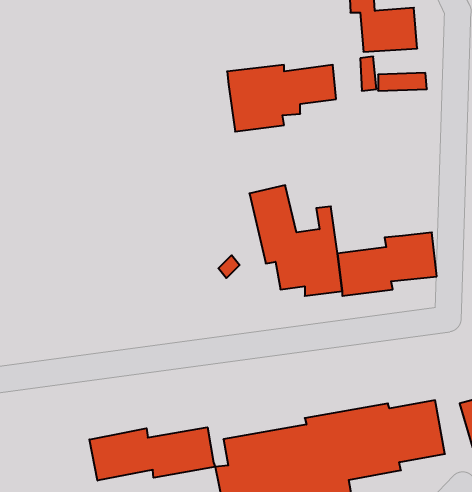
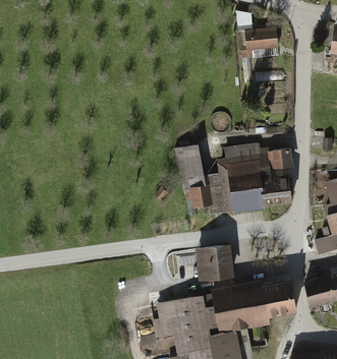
building: [227,65,336,132] -> [225,145,293,187]
building: none -> [194,245,234,282]
building: [89,427,215,481] -> none

